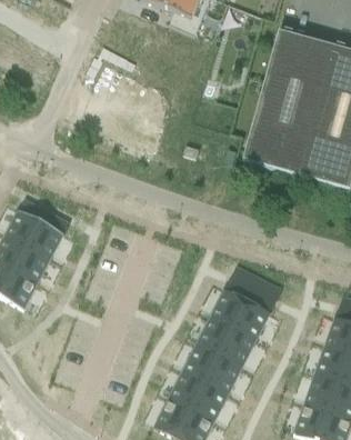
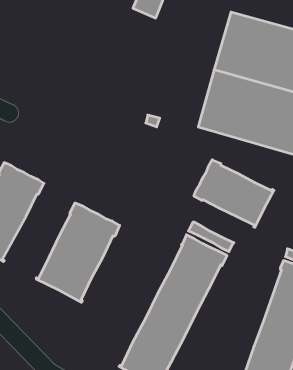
building: none -> [194,160,274,227]
building: none -> [36,203,120,302]

